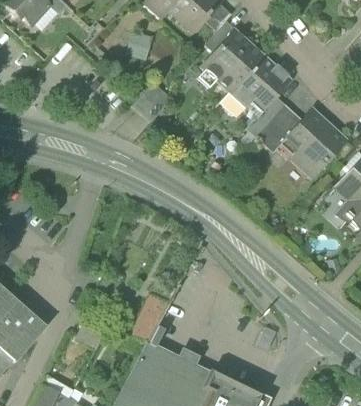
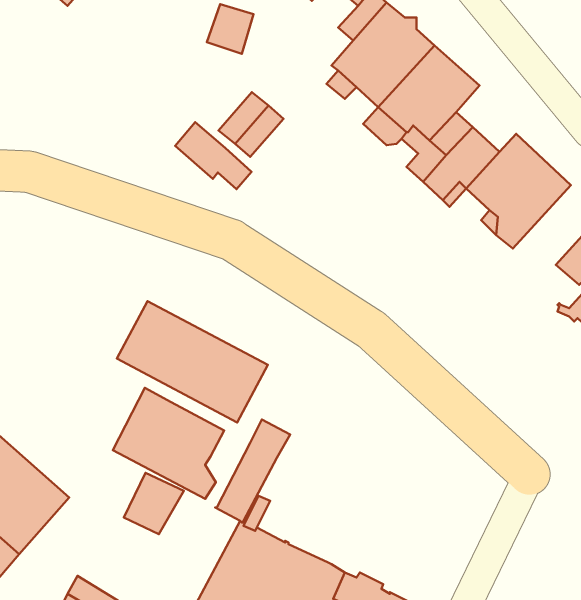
building: none -> [175,122,252,189]
building: none -> [117,301,268,422]
building: none -> [113,388,224,499]

